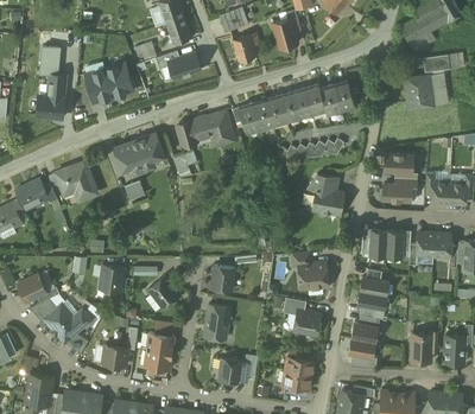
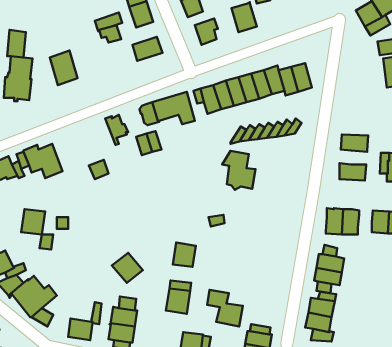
building: [104,62,134,96] -> none
building: [405,76,432,109] -> none
building: [115,138,152,170] -> none
building: [309,174,343,215] -> [222,151,256,190]
building: [292,251,328,288] -> none
building: [100,265,125,291] -> [21,209,45,234]
building: [284,298,321,336] -> [207,290,243,327]
building: [411,333,431,362] -> none

